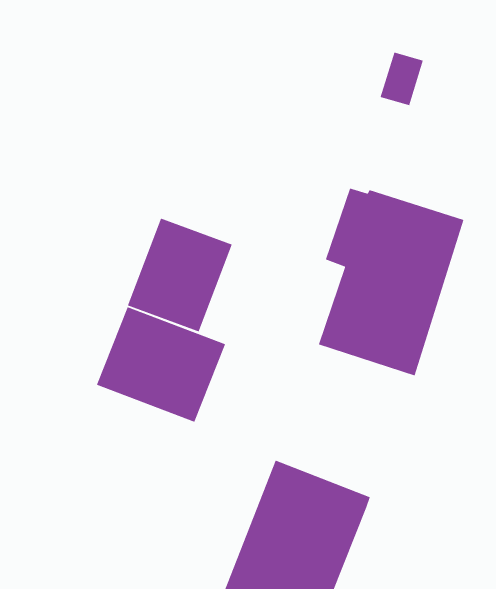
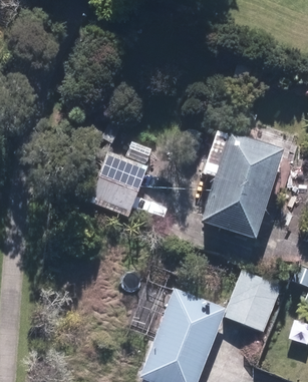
building: [96,306,226,423] -> none
building: none -> [226,271,283,331]

